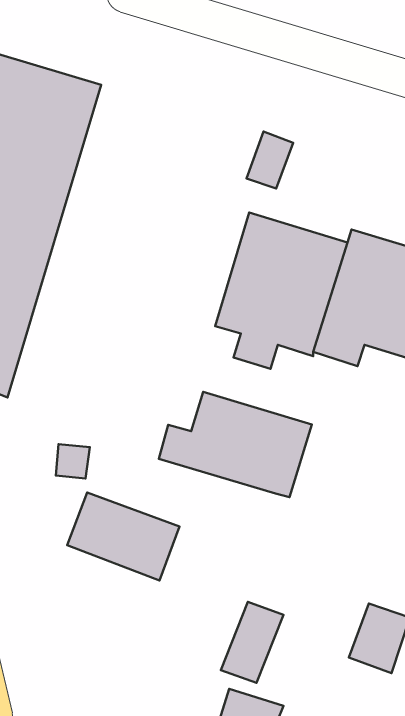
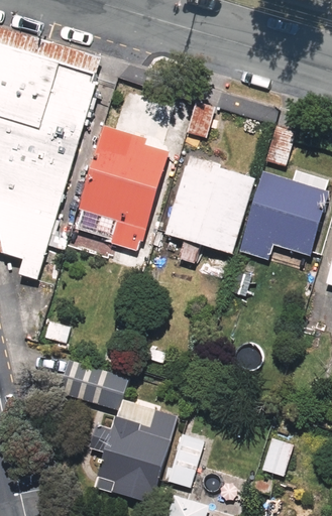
building: none -> [79,123,173,253]
building: [159,392,312,497] -> none
building: none -> [98,419,177,508]

